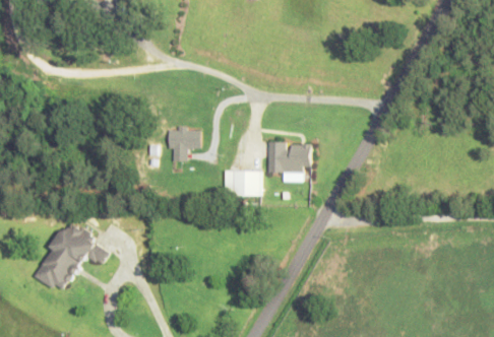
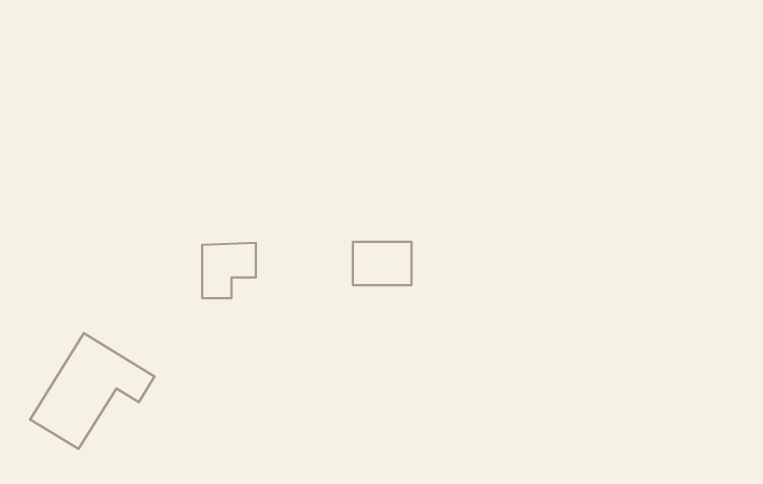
building: [168,128,199,160] -> [202,243,256,298]
building: [267,142,310,172] -> none

